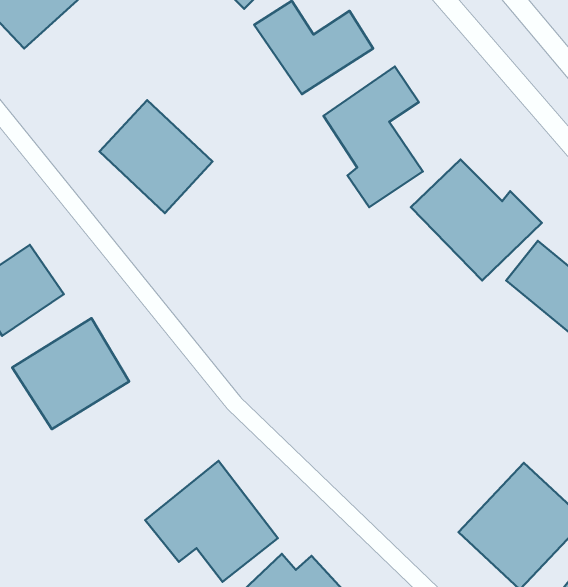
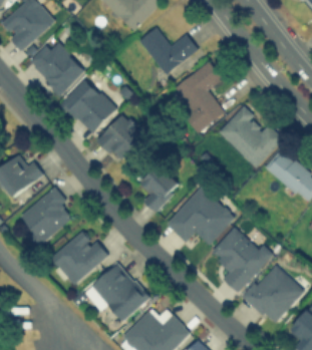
building: none -> [27,41,86,95]
building: none -> [95,111,152,161]
building: none -> [139,163,180,211]
building: none -> [166,185,236,245]
building: none -> [211,226,274,293]
building: none -> [48,227,109,287]

